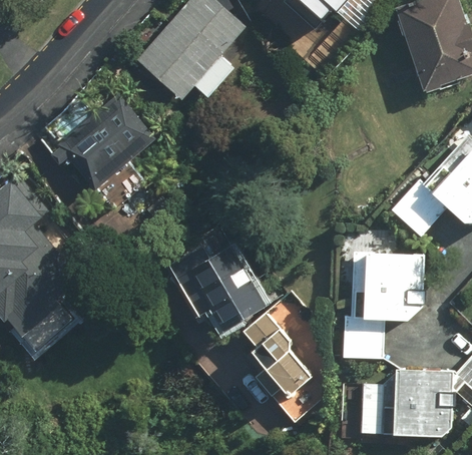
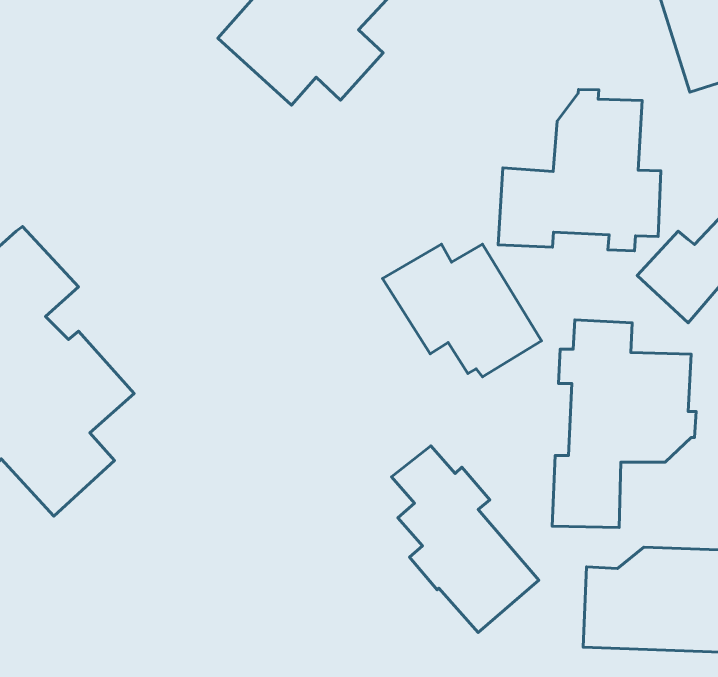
building: none -> [498,89,661,251]
building: [50,93,156,208] -> none
building: [170,246,268,327] -> [383,244,542,377]

